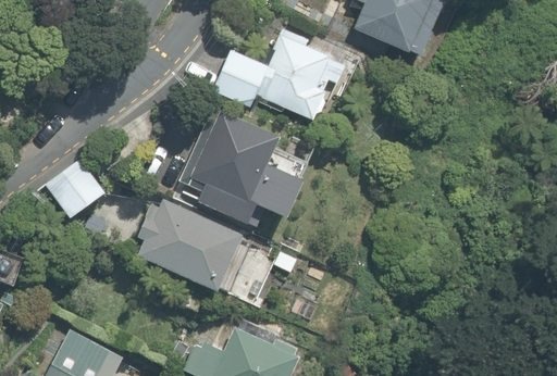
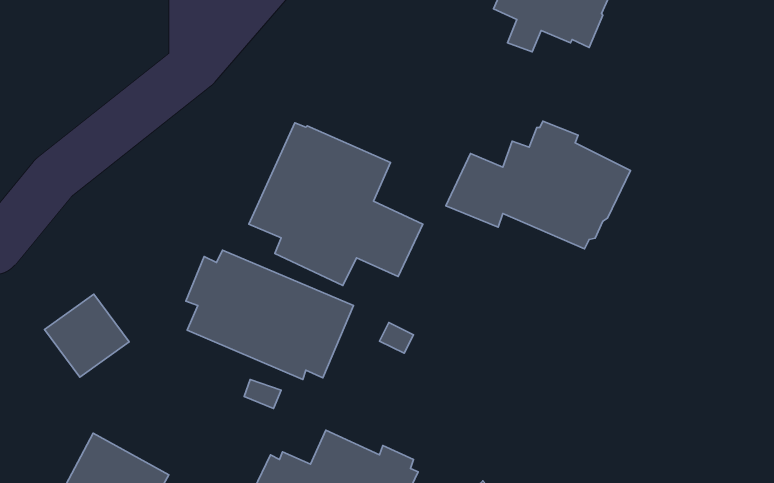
building: [214,30,345,121] -> [446,121,631,249]
building: [46,159,106,217] -> [44,294,129,377]

